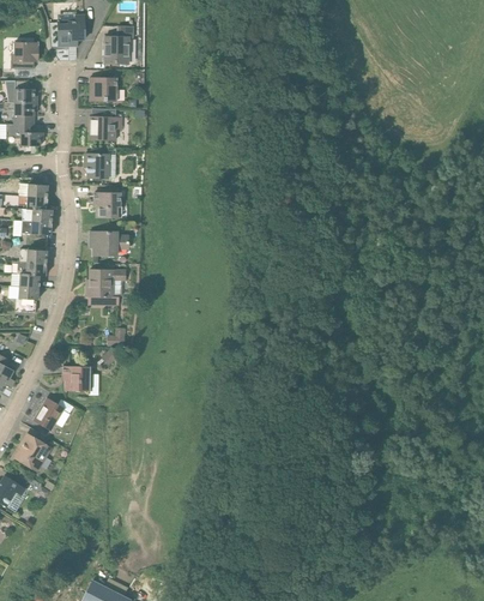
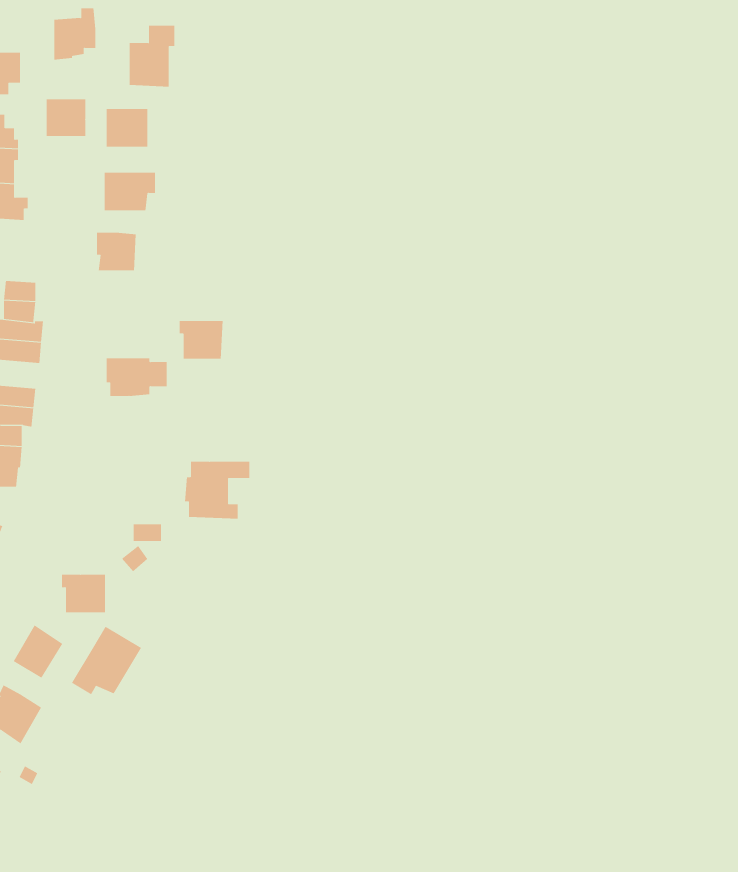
building: none -> [46,98,86,137]
building: [93,193,121,217] -> [179,320,223,359]
building: [85,270,126,306] -> [184,461,250,519]
building: none -> [71,626,142,695]

